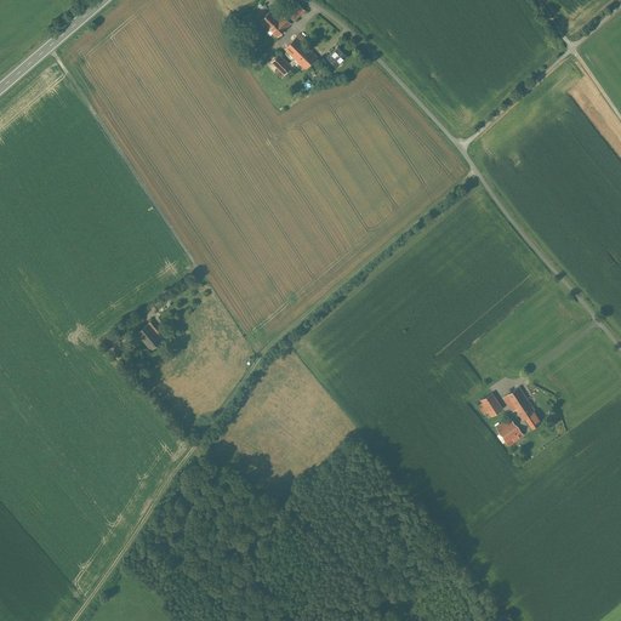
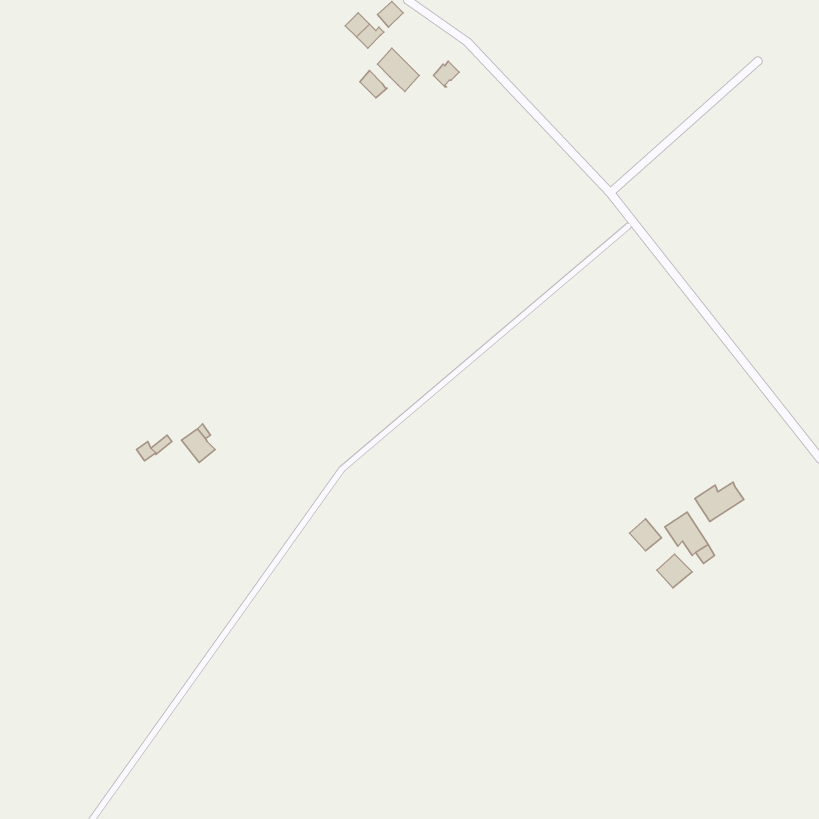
building: none -> [695,482,744,522]

